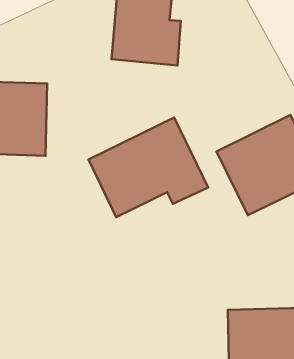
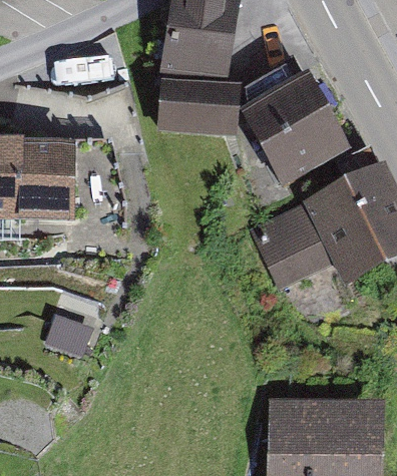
building: none -> [254,72,355,172]
building: [88,118,208,217] -> none

